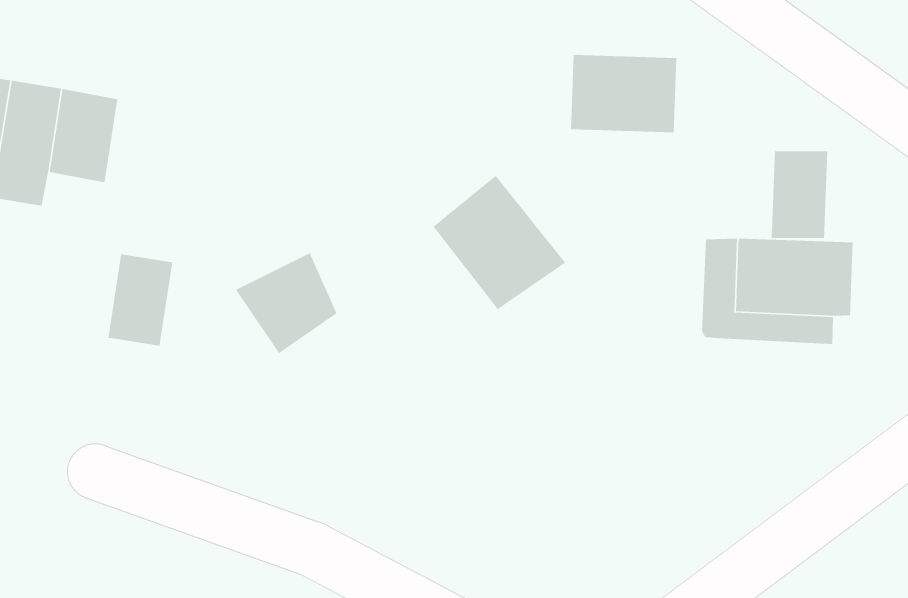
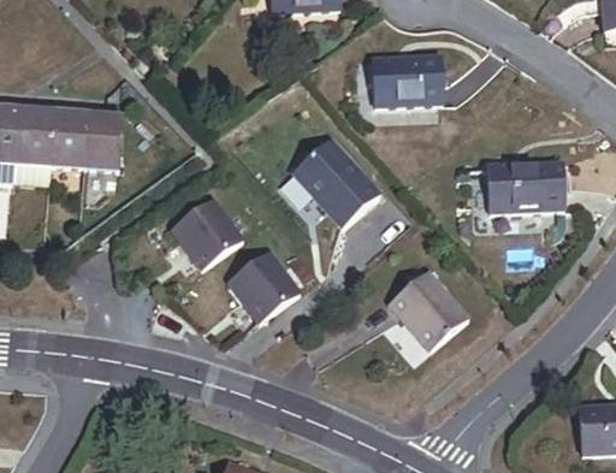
building: [771,151,828,239] -> none
building: [108,254,173,346] -> [84,111,122,167]
building: none -> [235,254,297,317]
building: none -> [386,268,468,350]

